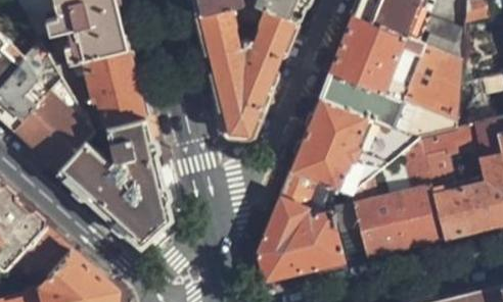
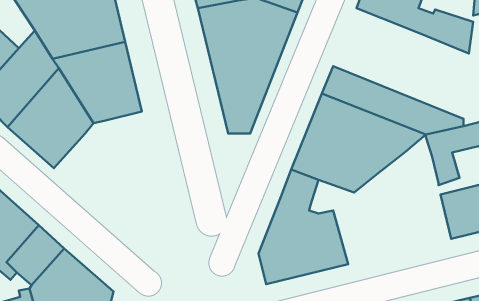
building: [330,15,462,122] -> none
building: [58,115,170,245] -> none
building: [351,138,445,258] -> none

